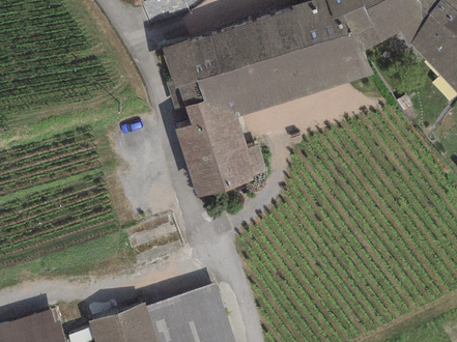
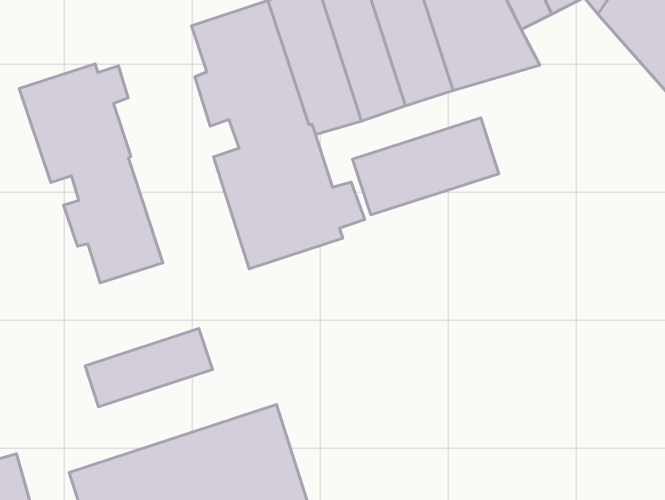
building: none -> [19,64,163,283]
building: none -> [353,118,499,215]
building: none -> [85,329,212,407]

